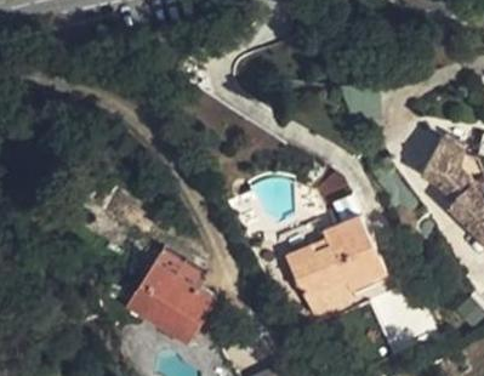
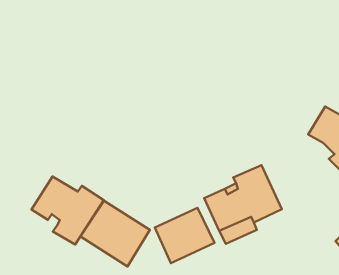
building: none -> [32,176,104,245]
building: none -> [155,208,214,263]

